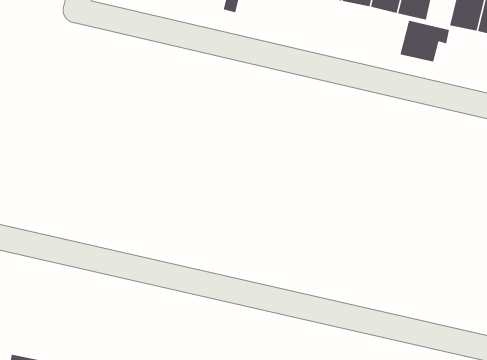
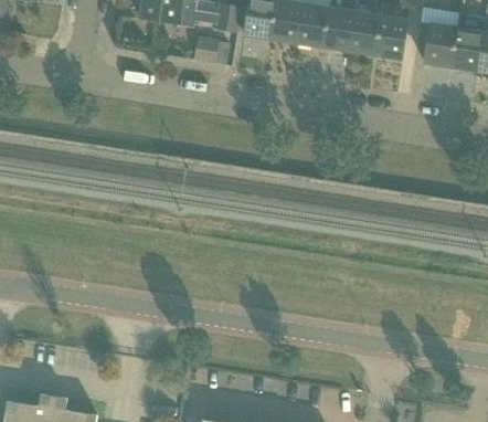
building: [399,20,450,63] -> none

